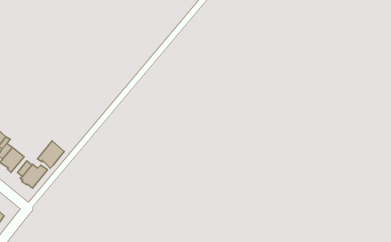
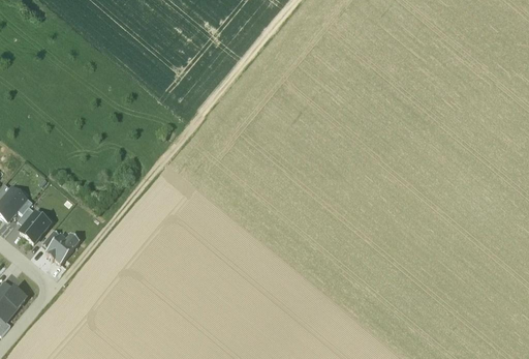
building: [37,141,64,168] -> none

